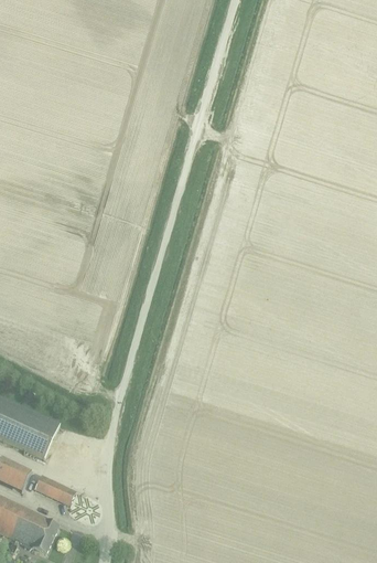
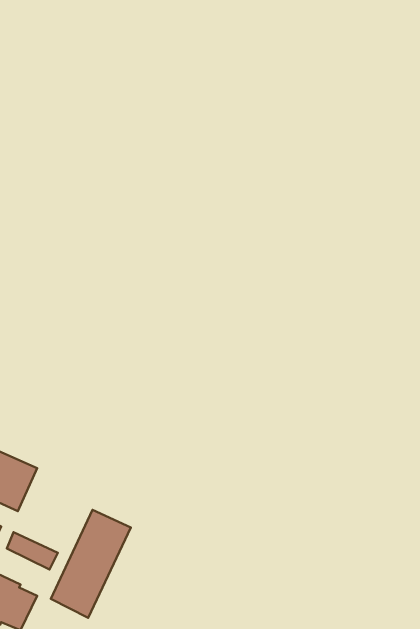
building: none -> [51,510,131,618]

